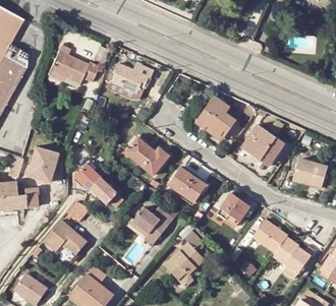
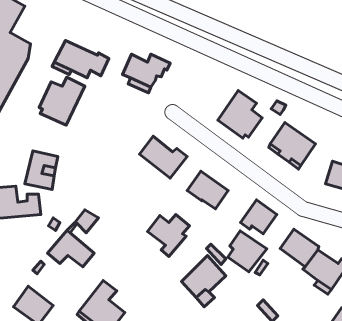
building: none -> [39,77,85,125]
building: [76,165,118,205] -> none
building: none -> [228,231,267,272]

